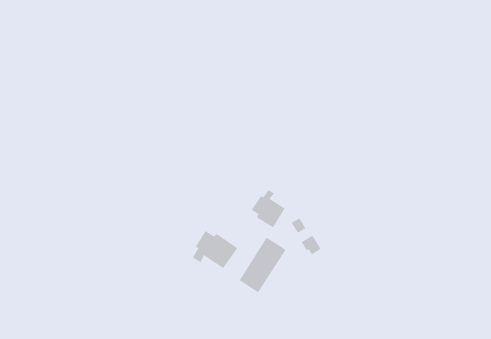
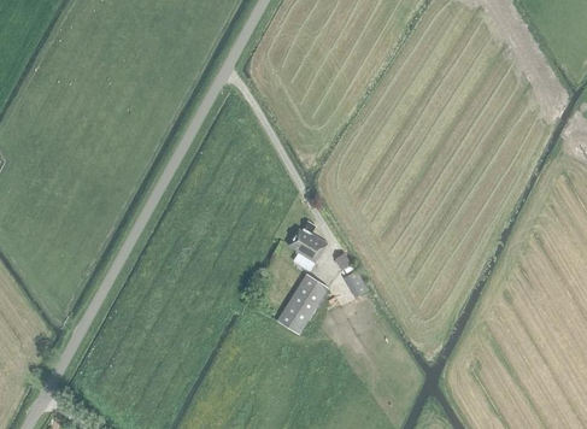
building: [192,230,238,269] -> none

